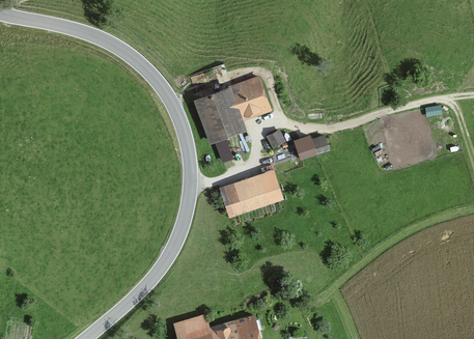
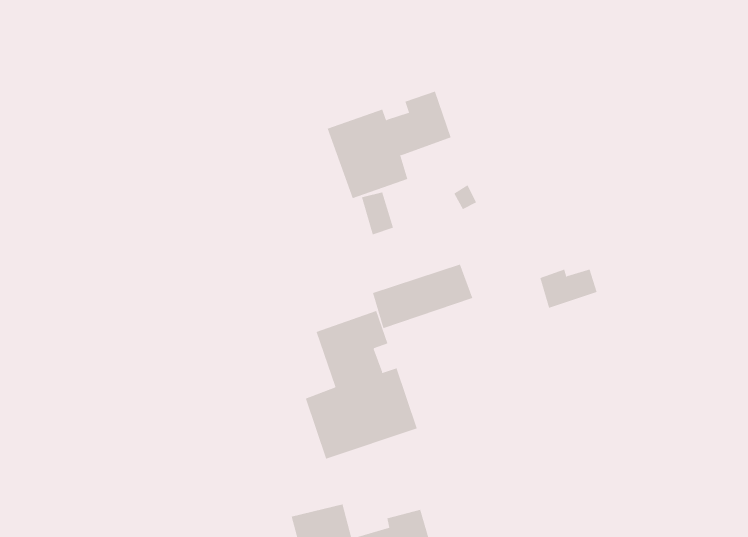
building: [295,136,328,159] -> [540,269,597,308]
building: none -> [305,310,418,460]

